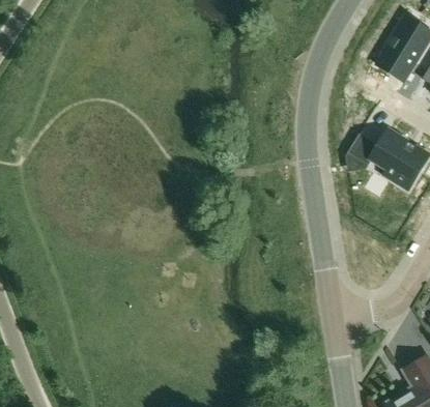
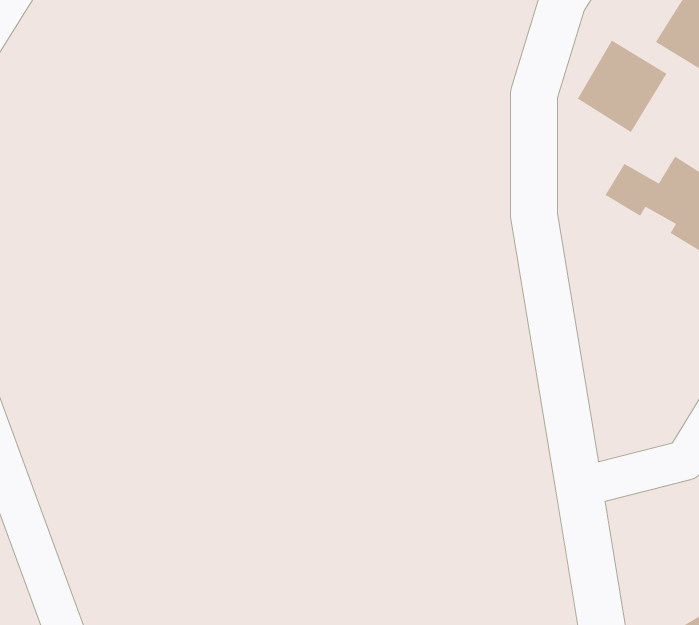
building: none -> [577,40,668,133]

